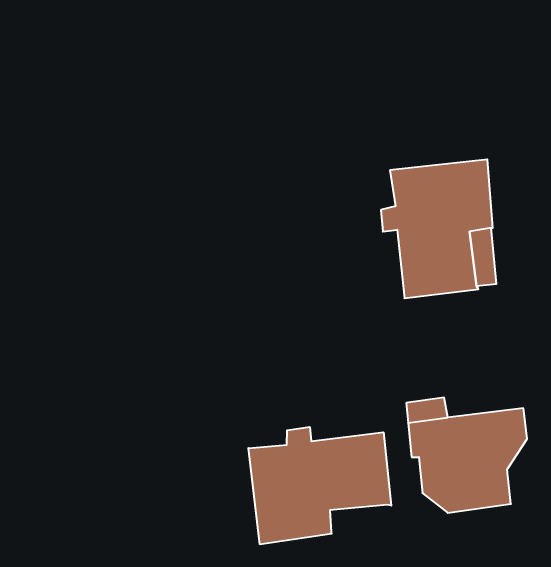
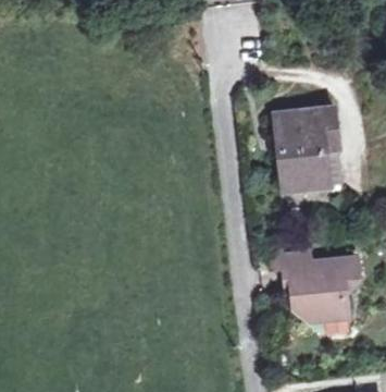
building: [248,427,391,544] -> none

